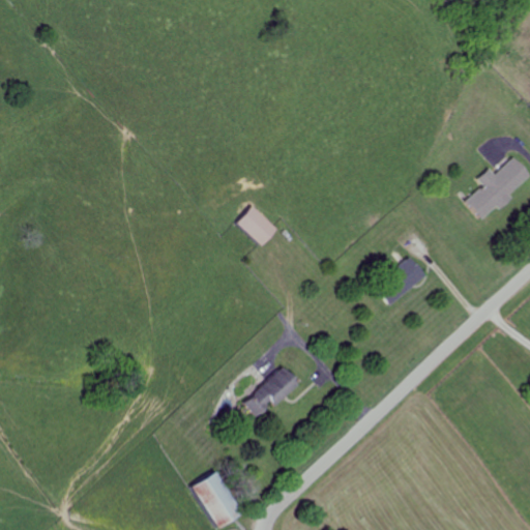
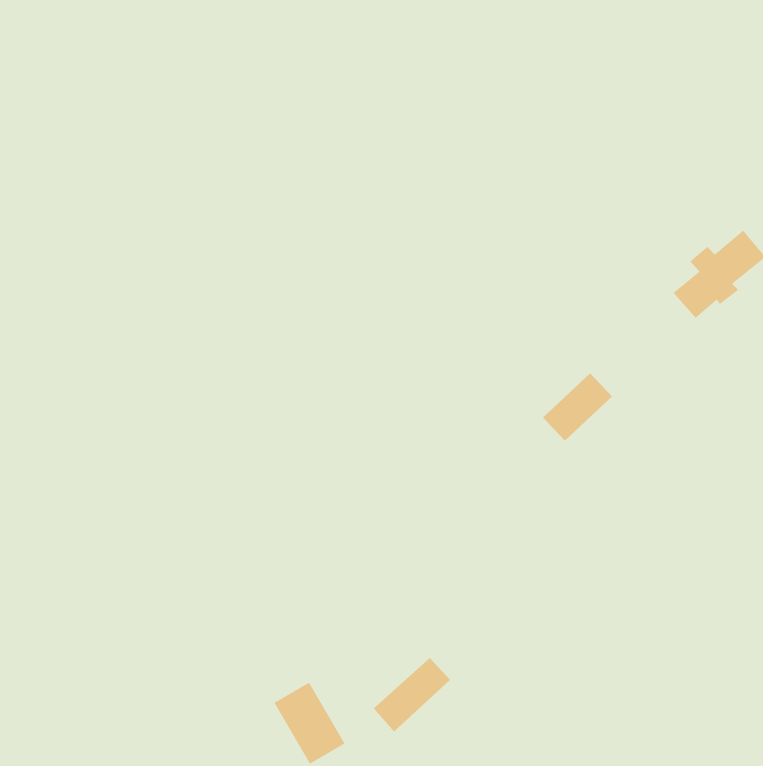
building: [237,205,277,245] -> none
building: [243,366,297,418] -> [373,657,451,732]

